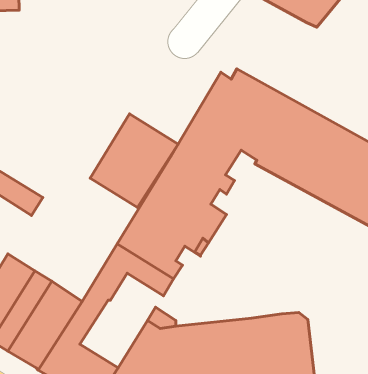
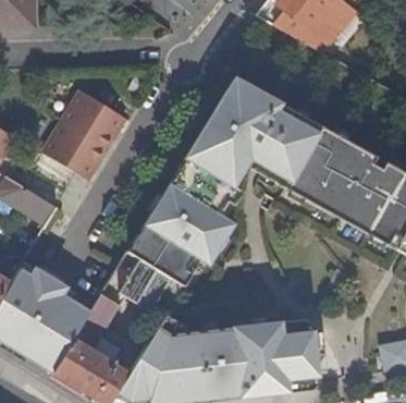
building: [90,114,178,207] -> [41,89,126,180]

